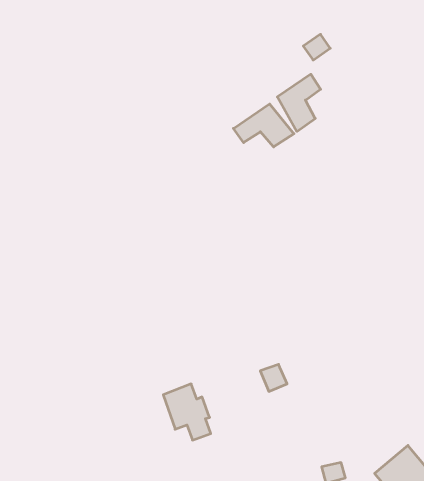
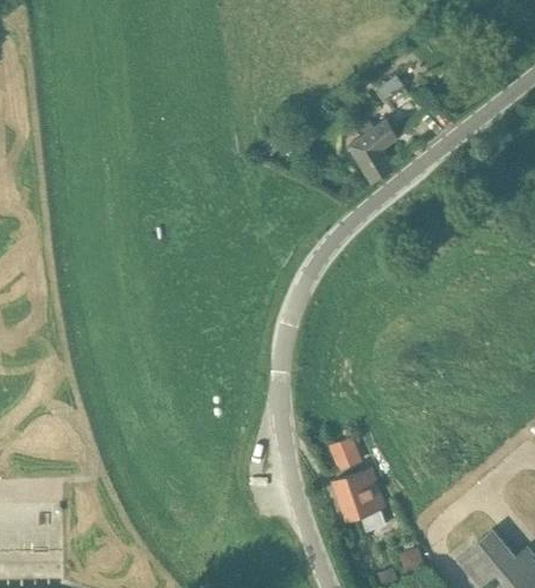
building: [233,104,294,147] -> none
building: [163,384,211,440] -> [332,471,384,532]

